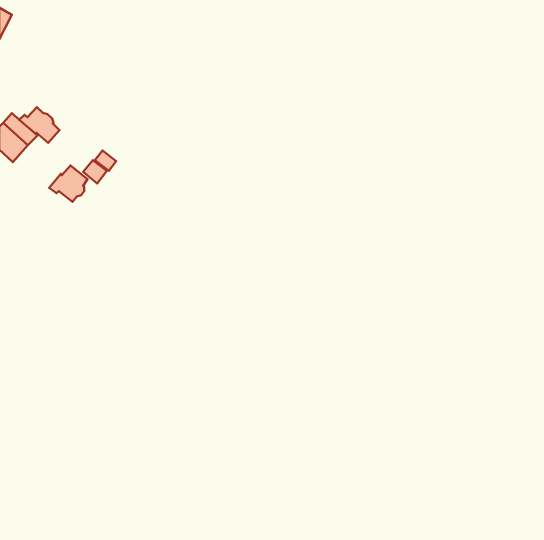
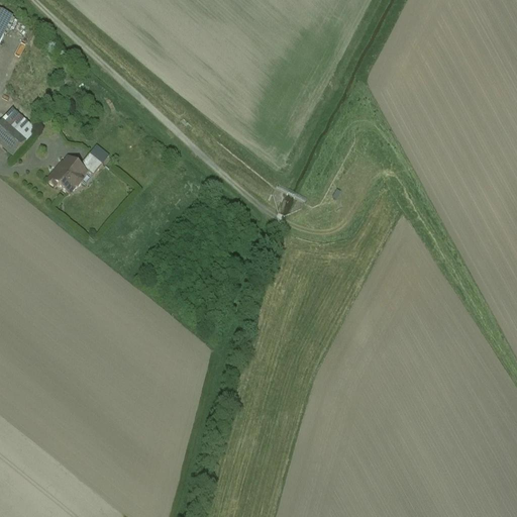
building: [19,107,59,143] -> none

